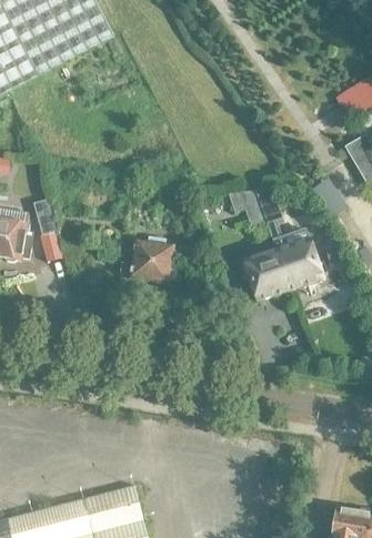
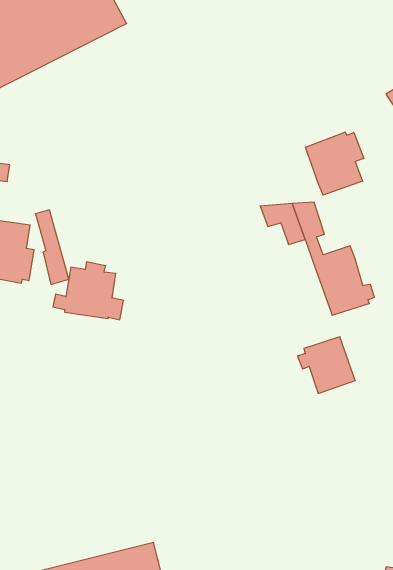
building: none -> [305,132,364,195]
building: [120,235,181,285] -> [53,262,124,320]
building: [240,251,290,300] -> [297,337,355,393]

